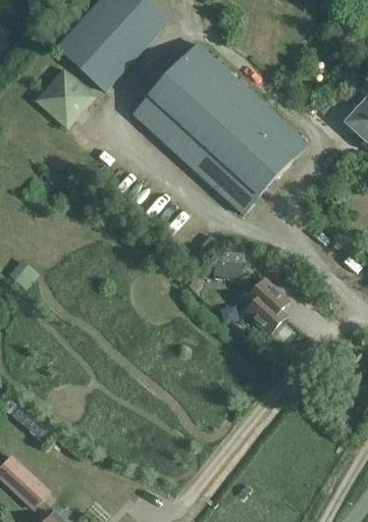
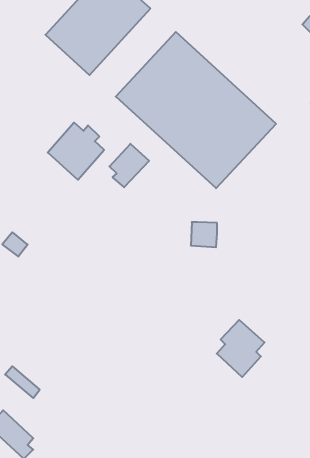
building: [35,66,96,128] -> [48,123,104,180]
building: none -> [109,144,149,187]
building: [241,275,293,337] -> [217,320,265,377]

